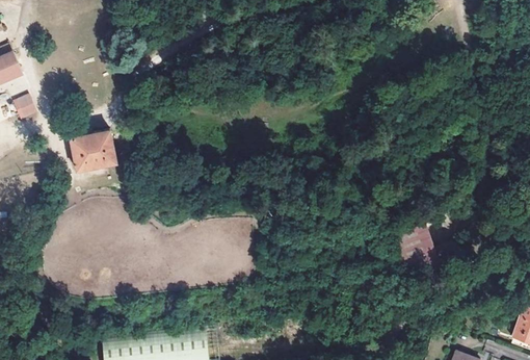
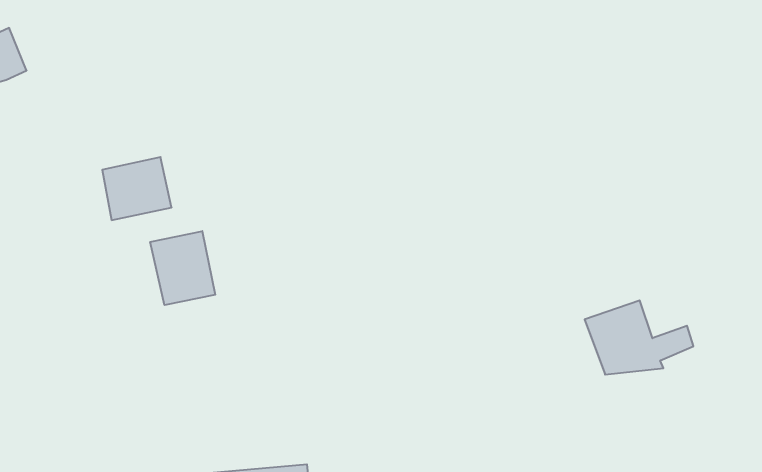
building: [11,93,37,121] -> none
building: none -> [150,231,215,305]

